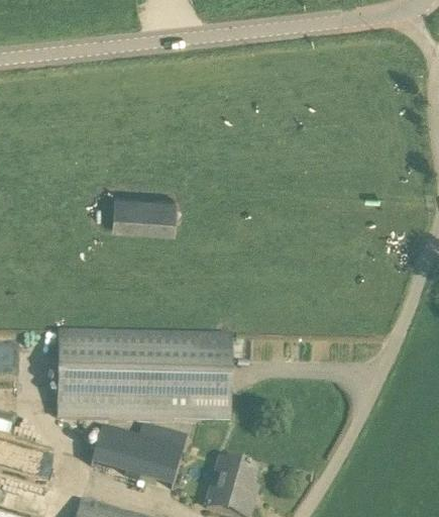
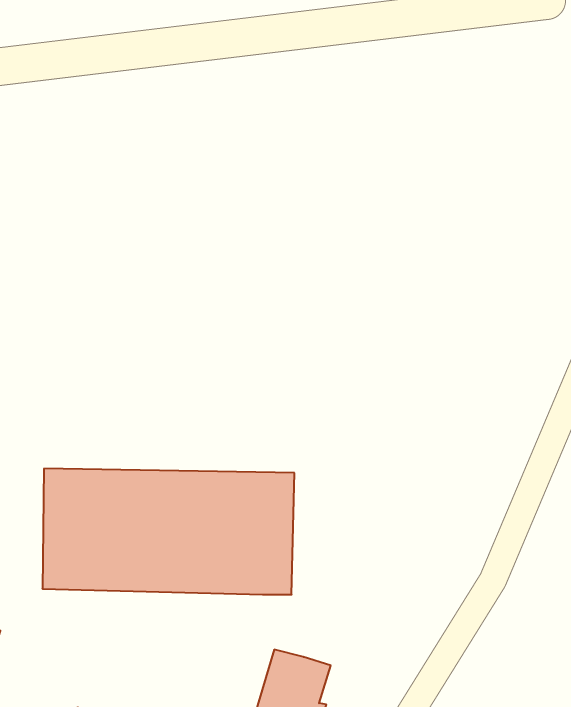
building: [112,193,175,229] -> none
building: [97,422,193,486] -> none

